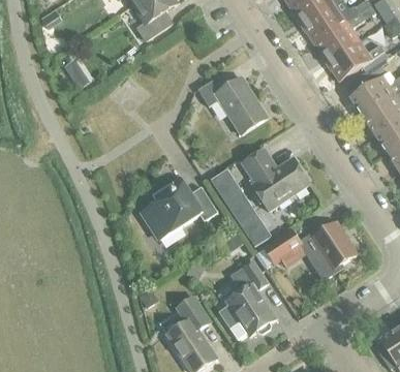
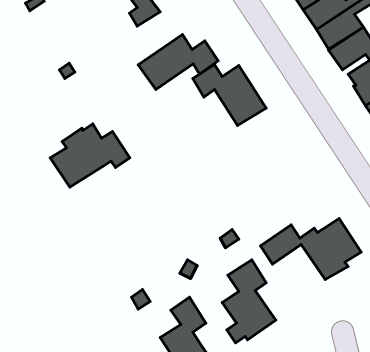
building: none -> [138,34,218,89]
building: [242,148,310,211] -> none
building: [210,169,270,246] -> none
building: [143,180,218,240] -> [50,124,130,187]

